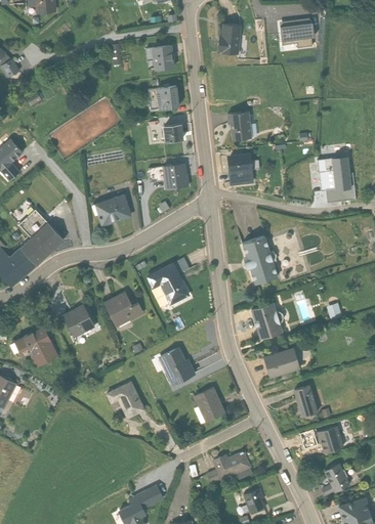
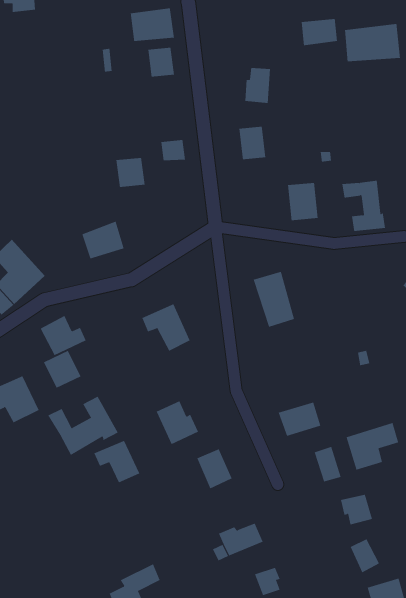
building: none -> [130,8,174,42]
building: none -> [345,23,401,62]
building: [218,24,241,54] -> [244,68,271,103]
building: [156,85,180,110] -> none
building: [227,151,254,184] -> [287,182,318,221]
building: [163,163,189,188] -> [116,157,145,187]
building: [103,291,143,325] -> [40,315,87,356]
building: [252,303,282,337] -> none
building: none -> [48,396,118,456]
building: none -> [346,422,399,470]

